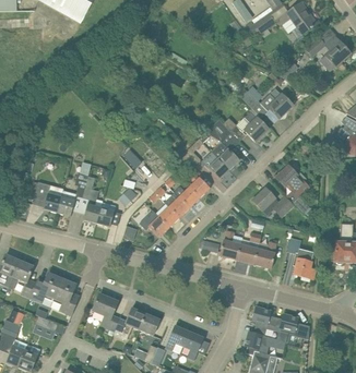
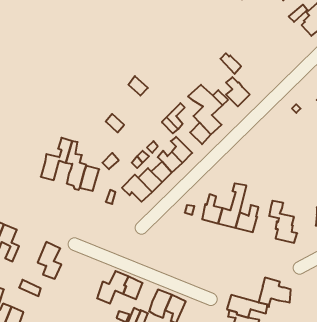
building: [260,87,293,118] -> none
building: [276,165,309,196] -> none
building: [34,181,63,212] -> none
building: [252,186,293,216] -> none
building: [28,272,62,302] -> none
building: [93,293,119,335] -> none
building: [251,306,282,335] -> none

